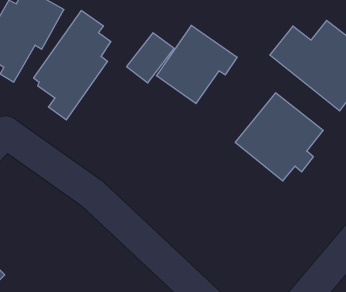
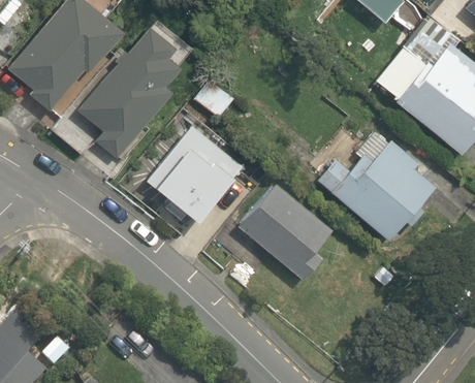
building: [156,25,237,104] -> [147,122,248,220]
building: none -> [236,183,337,284]

